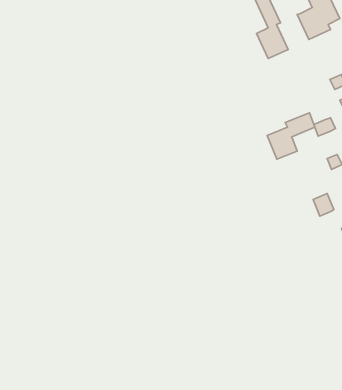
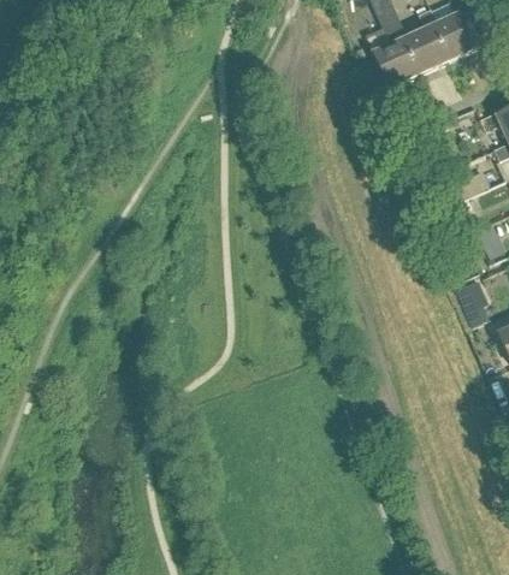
building: none -> [402,8,449,73]
building: [267,113,315,159] -> none

